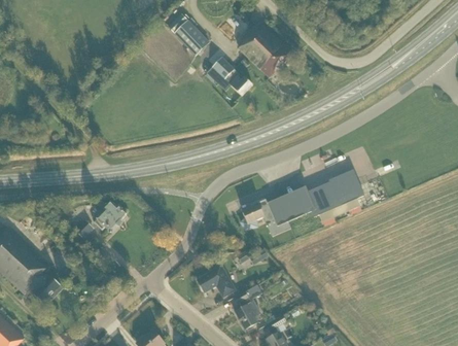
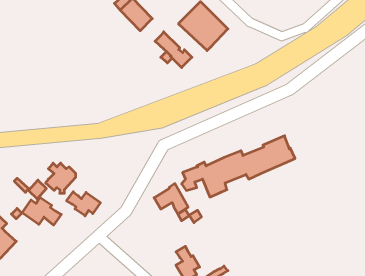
building: none -> [67,192,100,216]
building: none -> [22,197,61,225]
building: [198,264,235,297] -> [154,184,188,214]

